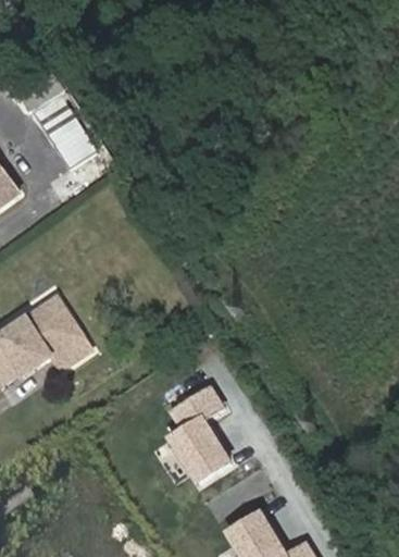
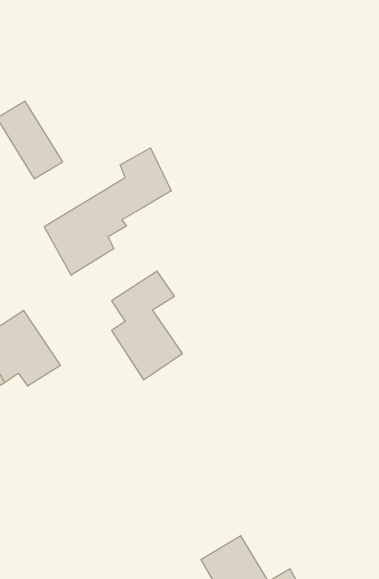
building: none -> [44,148,171,275]
building: [169,383,236,486] -> [112,271,182,380]

